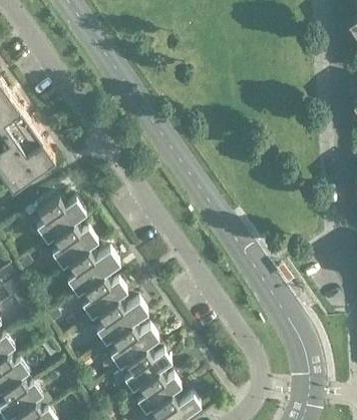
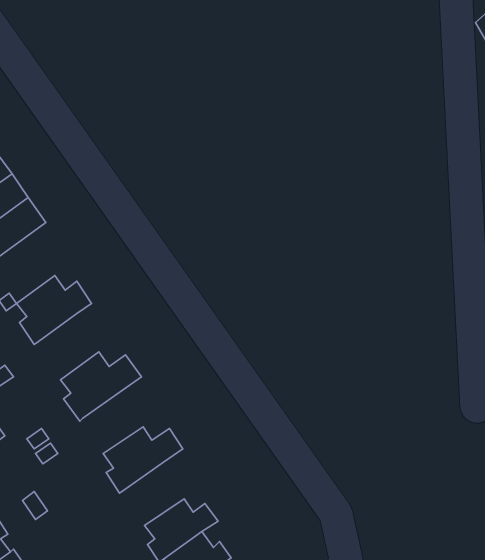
building: [49,224,97,271] -> none
building: [79,276,126,321] -> none
building: [107,325,158,370] -> none

